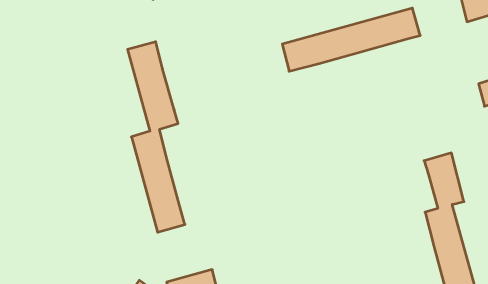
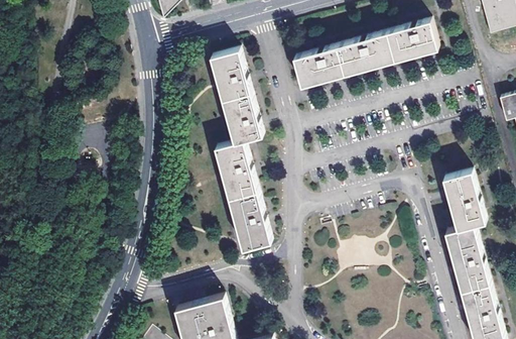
building: [128,42,185,232] -> [211,49,270,247]

